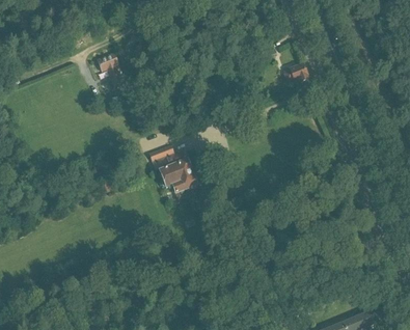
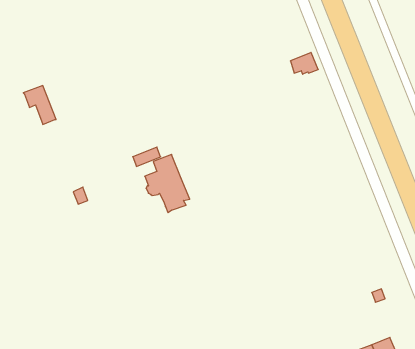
building: [98,53,126,86] -> [23,86,56,124]

